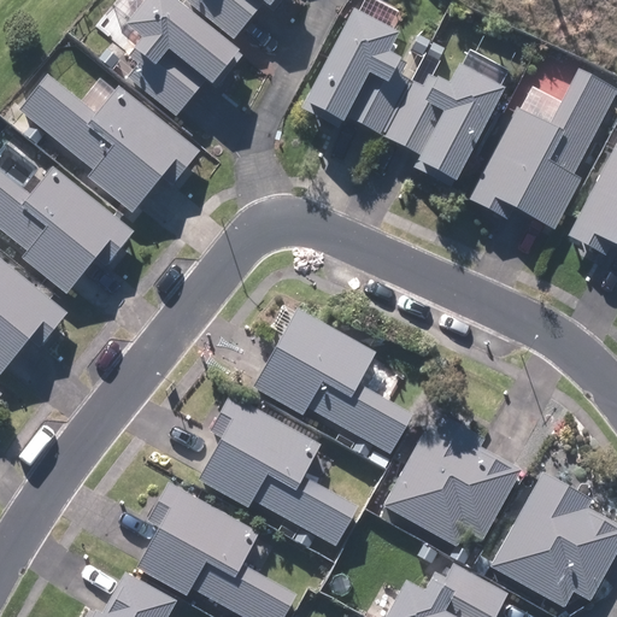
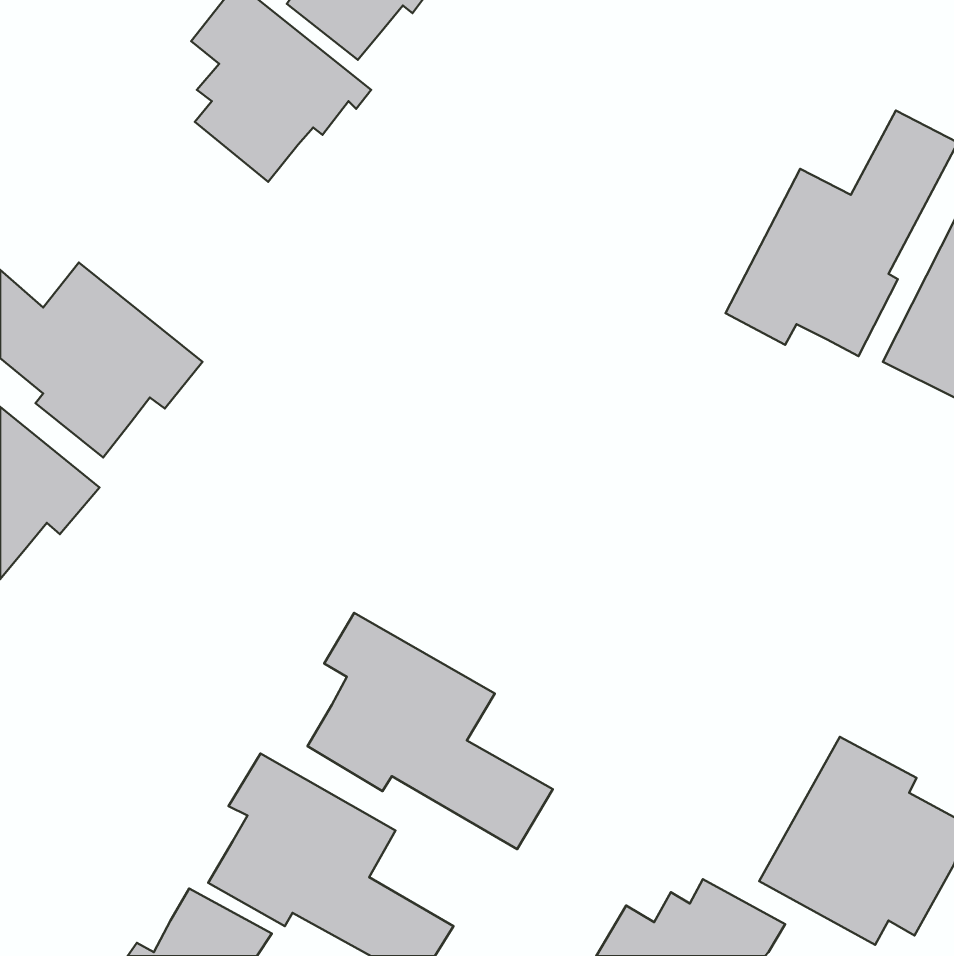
building: [304,12,410,135] -> none
building: [386,70,501,183] -> none
building: [22,78,198,211] -> none
building: [253,310,411,454] -> none
building: [383,412,521,546] -> none

